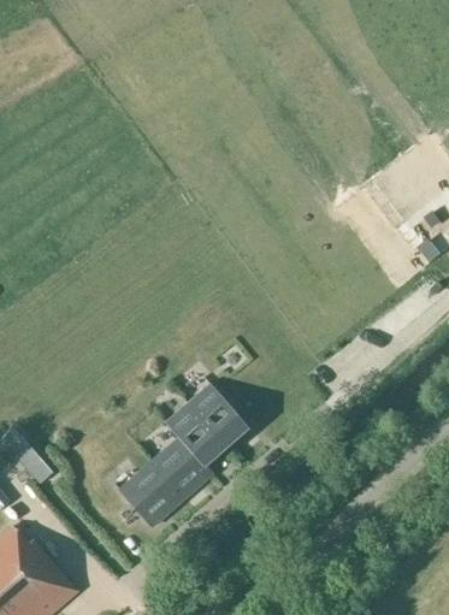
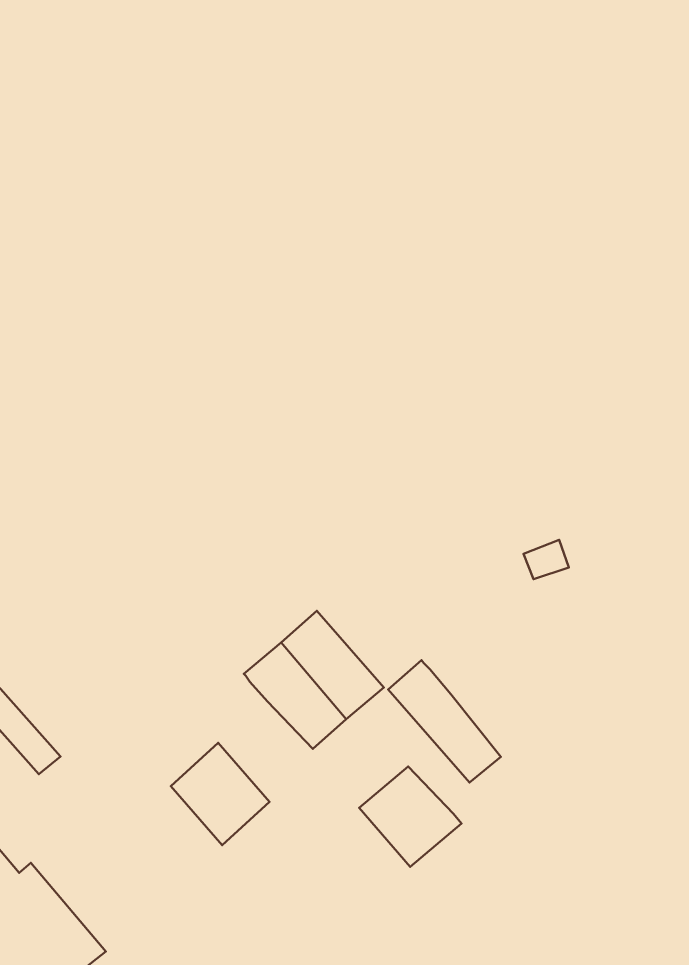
building: none -> [388,660,501,783]
building: [148,439,211,501] -> [359,766,462,867]

